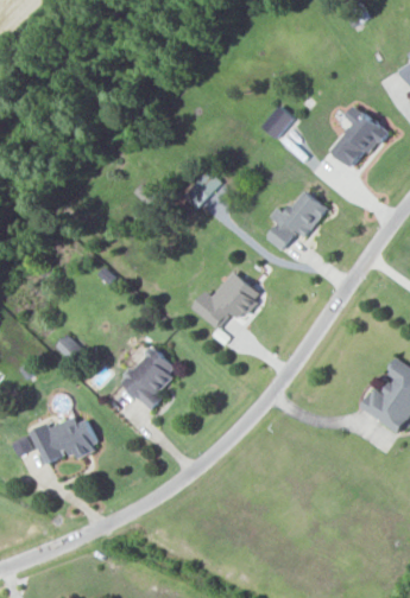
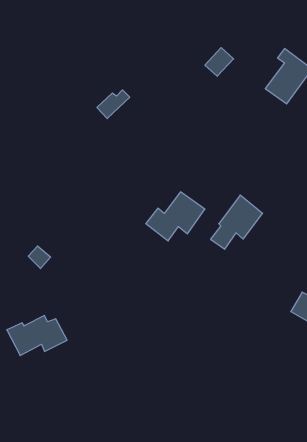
building: [184,174,222,208] -> [97,90,130,119]
building: [267,187,328,250] -> [211,195,263,249]
building: [120,345,178,411] -> none

